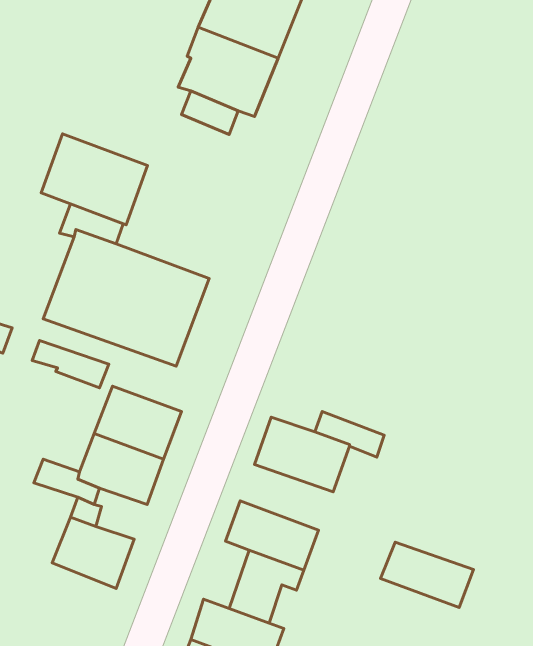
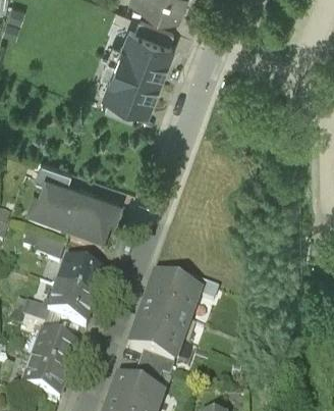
building: [41,134,147,225] -> none
building: [381,542,474,608] -> [138,301,190,338]
building: none -> [23,356,69,398]

